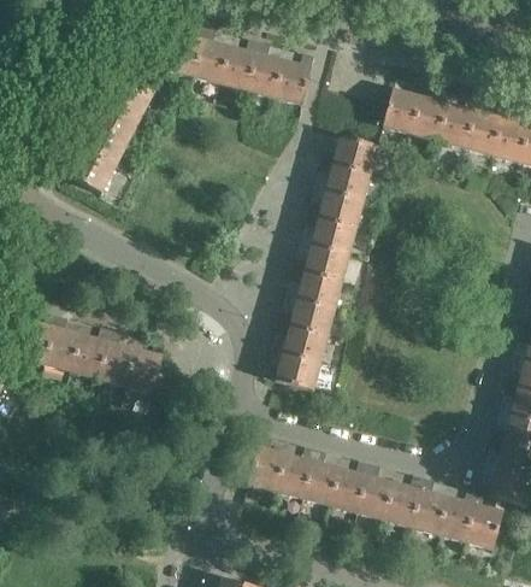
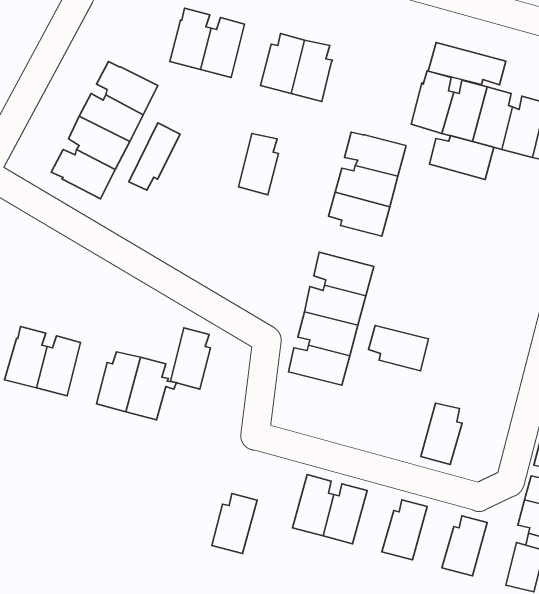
building: [222,36,258,92] -> [238,133,278,195]
building: none -> [428,42,506,85]
building: none -> [129,123,180,190]
building: none -> [429,136,494,179]
building: [301,218,358,256] -> none
building: [73,324,110,380] -> [171,328,211,389]
building: [267,351,321,392] -> [368,326,428,371]
building: [249,438,290,492] -> [212,494,257,554]
building: [331,458,368,513] -> none
building: [385,472,423,528] -> [421,403,462,464]
building: [439,487,479,544] -> none

